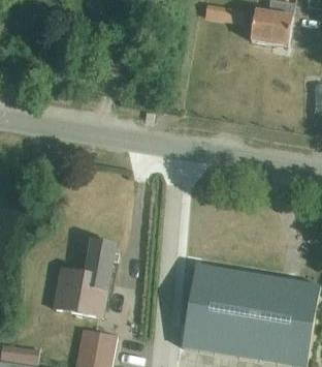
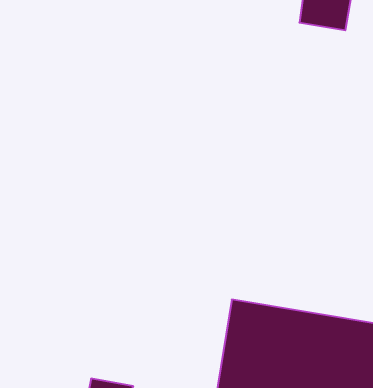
building: [55,239,115,316] -> none

